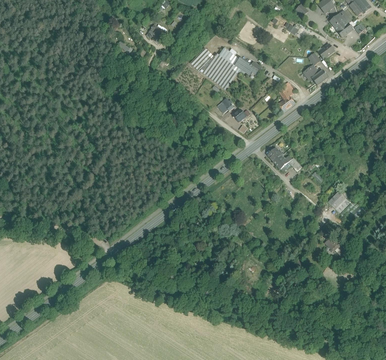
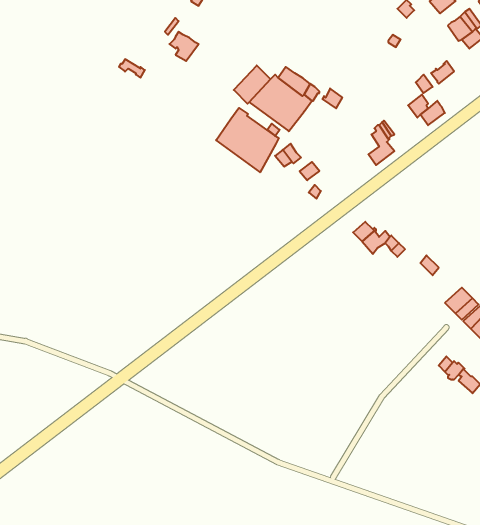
building: none -> [216,108,279,172]

